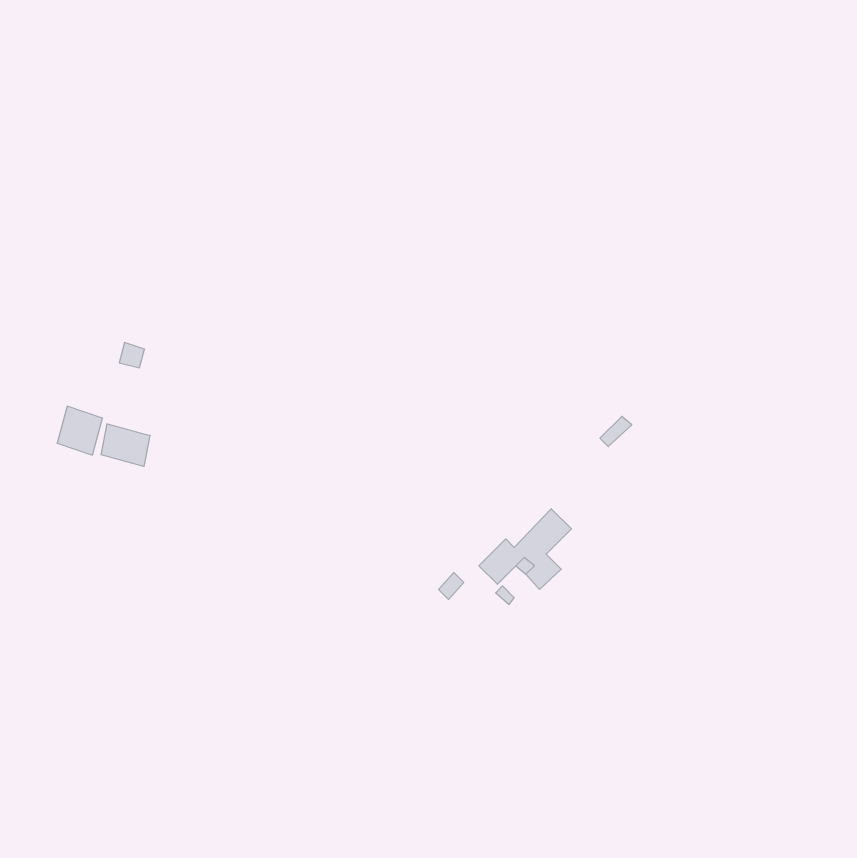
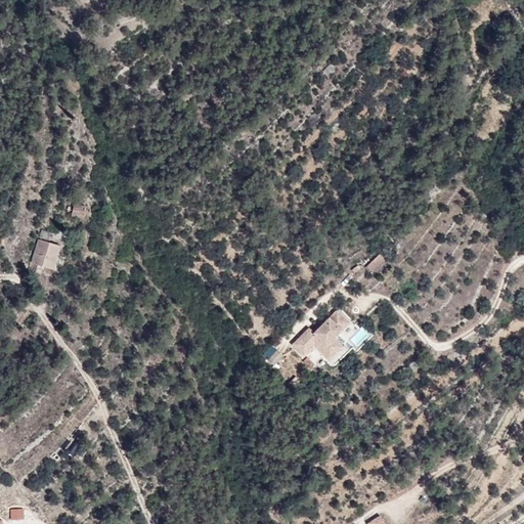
building: [101,424,150,466] -> none

